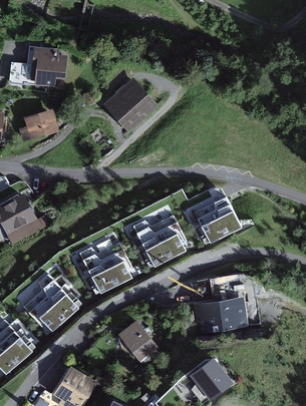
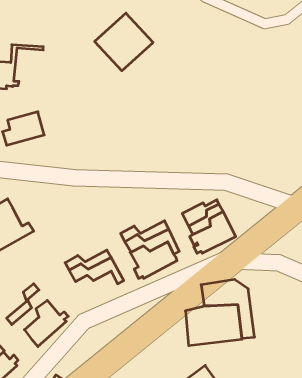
building: [29,48,66,87] -> none
building: [102,77,159,132] -> [95,13,153,71]
building: [88,262,131,296] -> none
building: [27,280,61,330] -> none
building: [117,316,158,358] -> none

